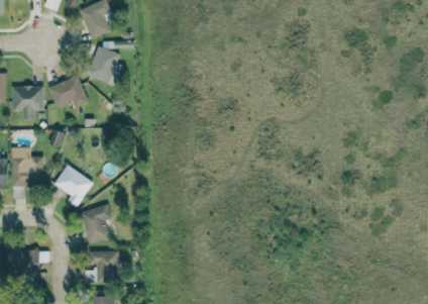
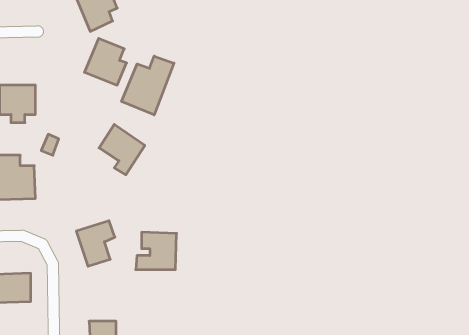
building: none -> [122,56,174,115]
building: [47,76,89,109] -> none
building: [54,165,93,208] -> [99,124,145,175]
building: [84,250,119,283] -> [136,232,177,270]

